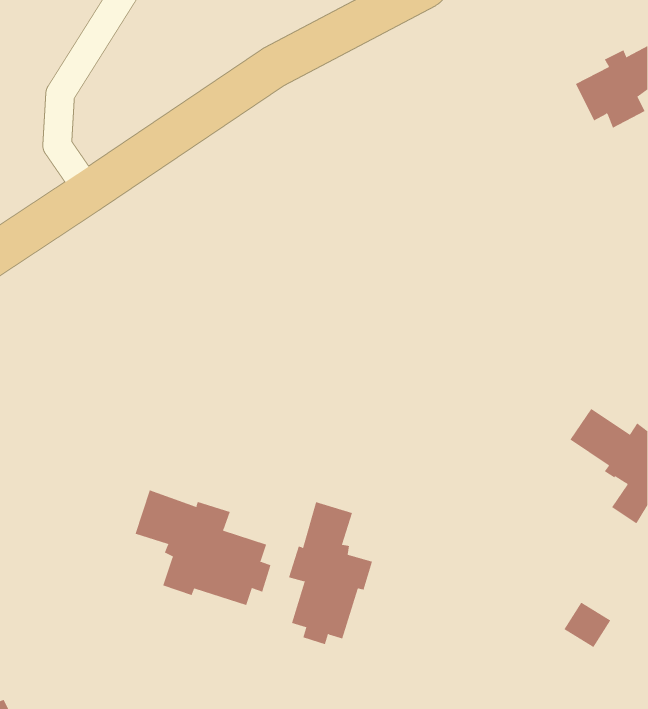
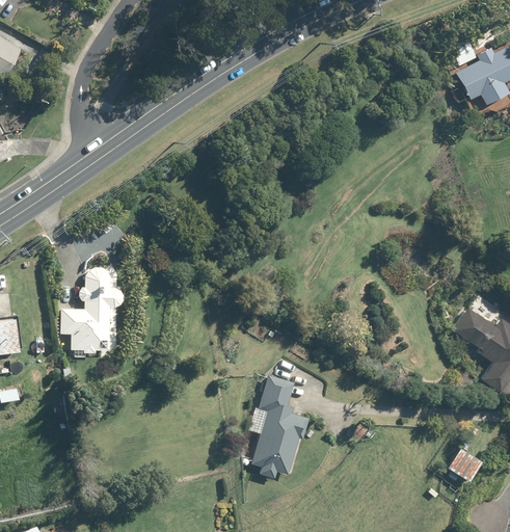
building: none -> [59,267,123,353]
building: [135,489,271,606] -> none

